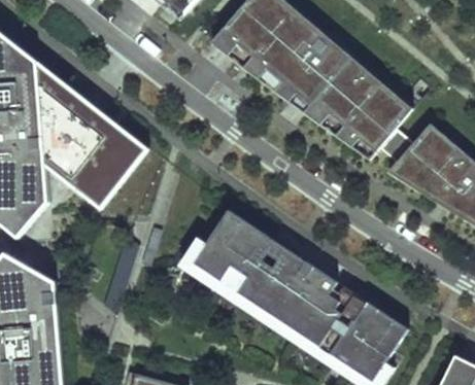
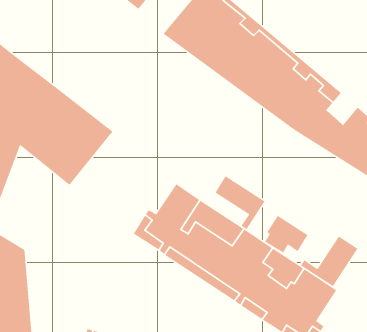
building: none -> [214,175,265,230]
building: none -> [264,215,309,253]
building: none -> [300,236,359,287]

